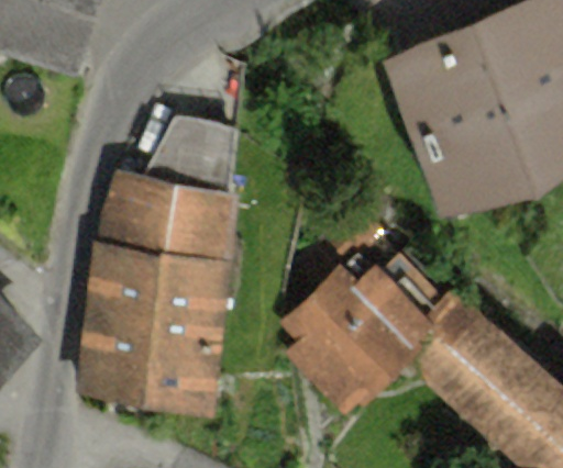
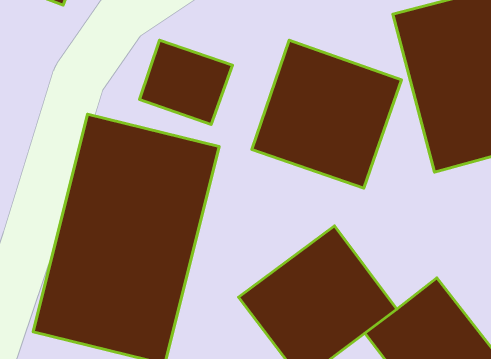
building: none -> [252,40,401,188]

